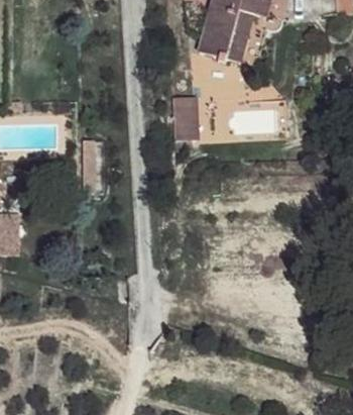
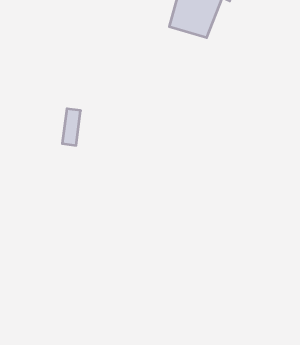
building: [172,94,203,138] -> none

